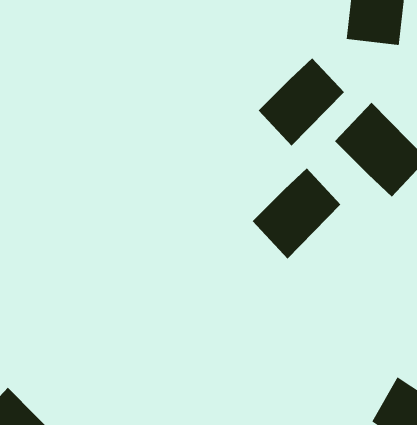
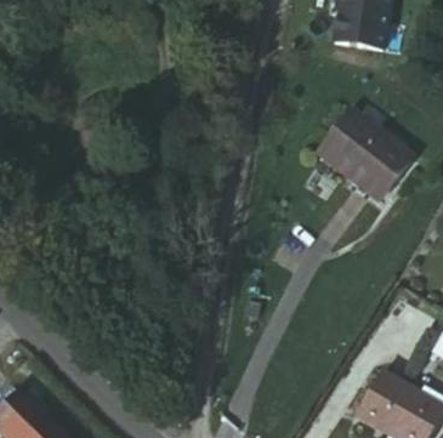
building: [258,57,345,147] -> none
building: [252,168,341,259] -> none

